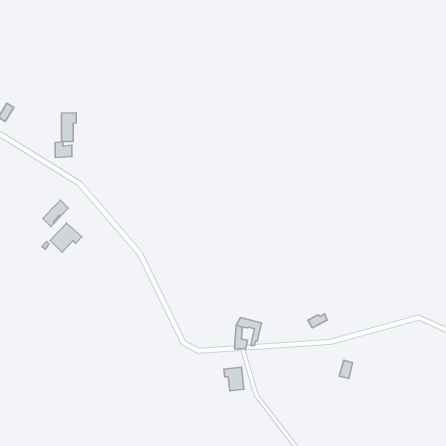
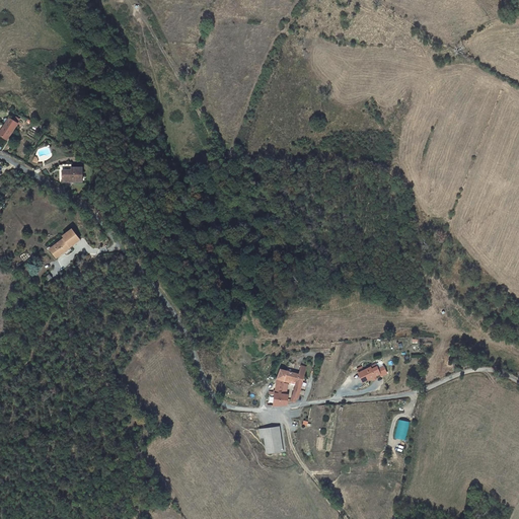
building: [62,113,76,141] -> none
building: [50,223,82,252] -> none

